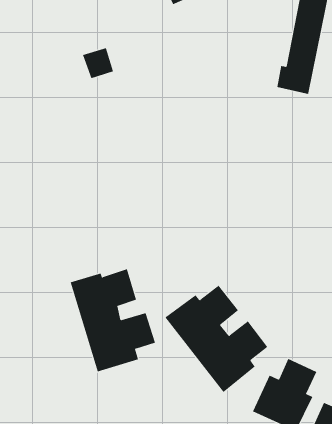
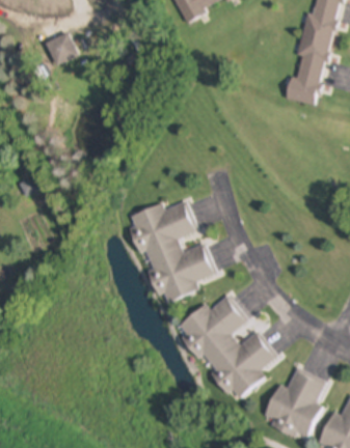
building: [82,48,114,79] -> [46,33,77,64]
building: [70,269,156,372] -> [131,200,216,303]

